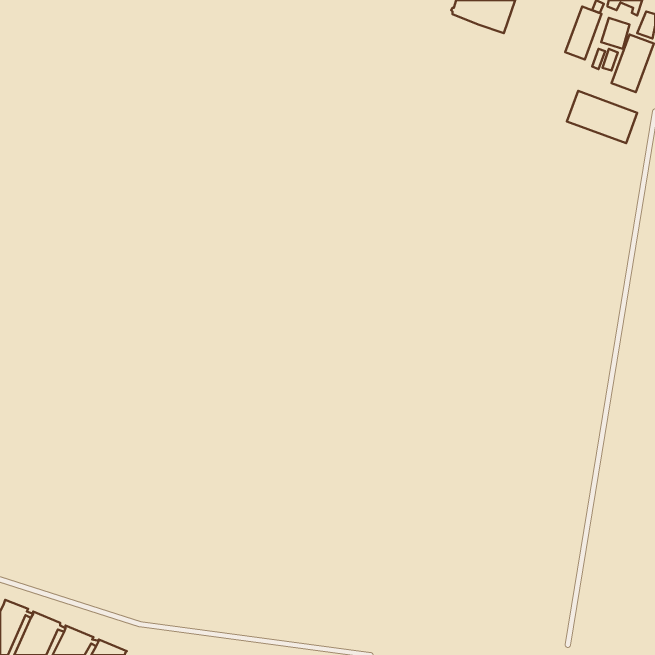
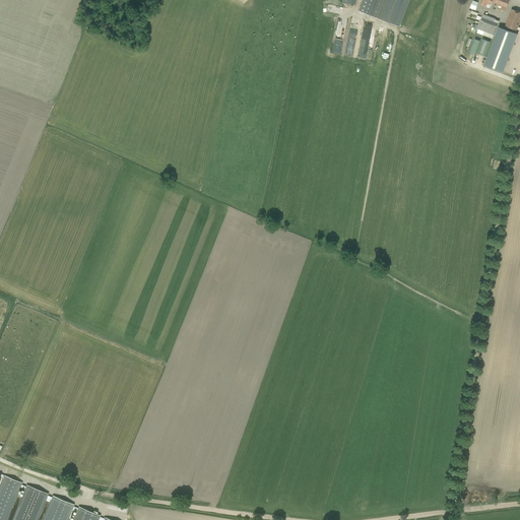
building: [565,7,602,59] -> none
building: [567,91,637,143] -> none

